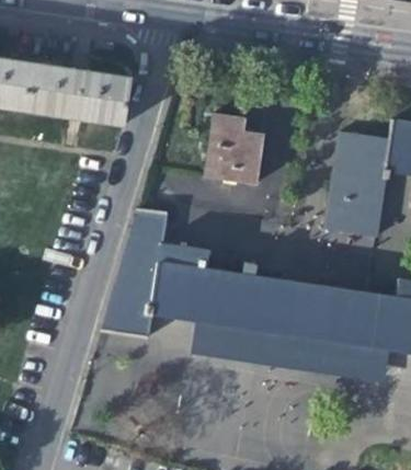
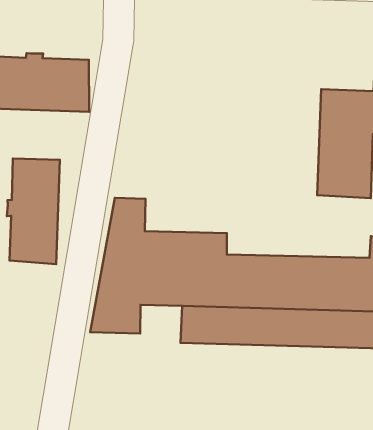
building: [206,115,263,185] -> none
building: none -> [7,159,60,264]

